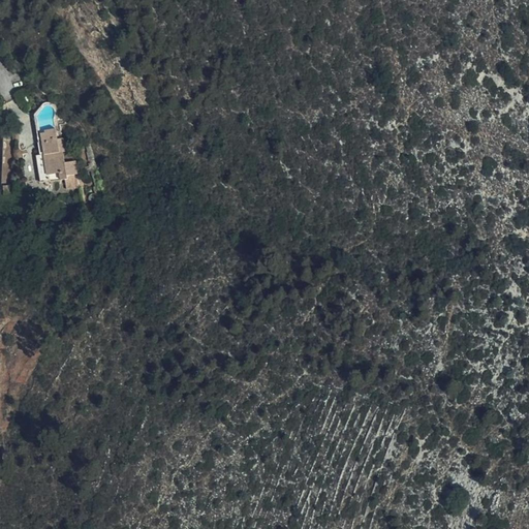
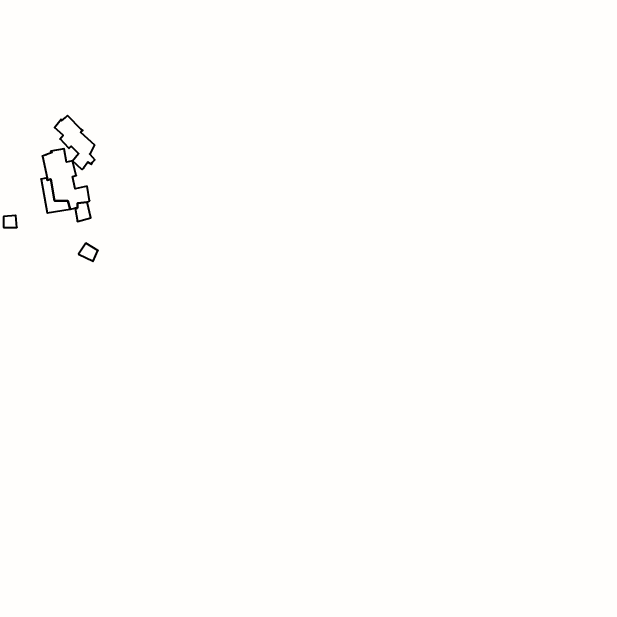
building: none -> [55,116,95,169]

